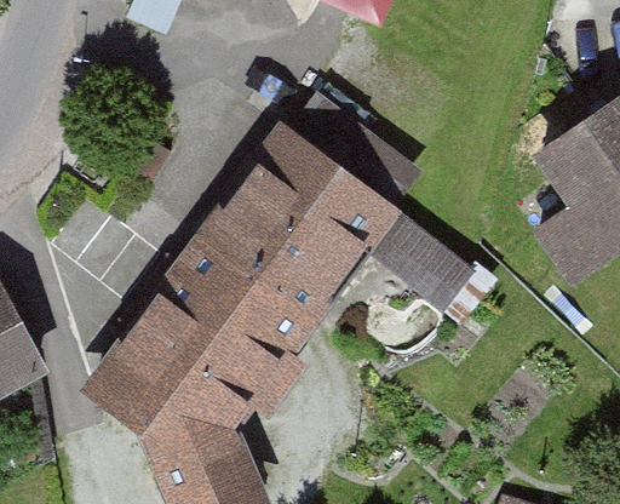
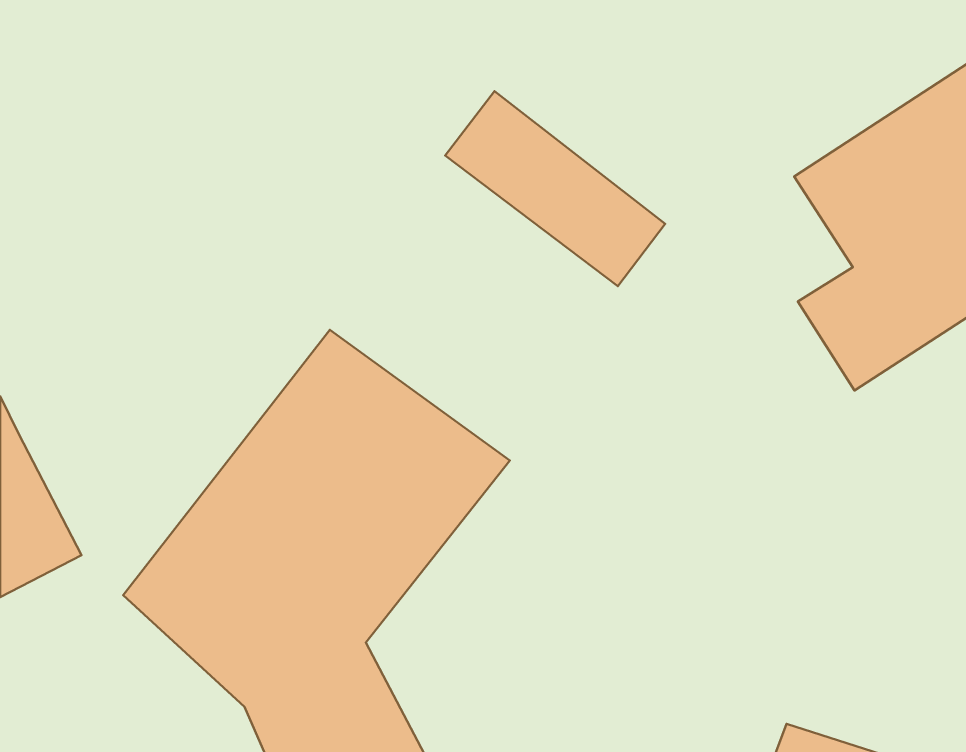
building: [211,131,480,317] -> none

